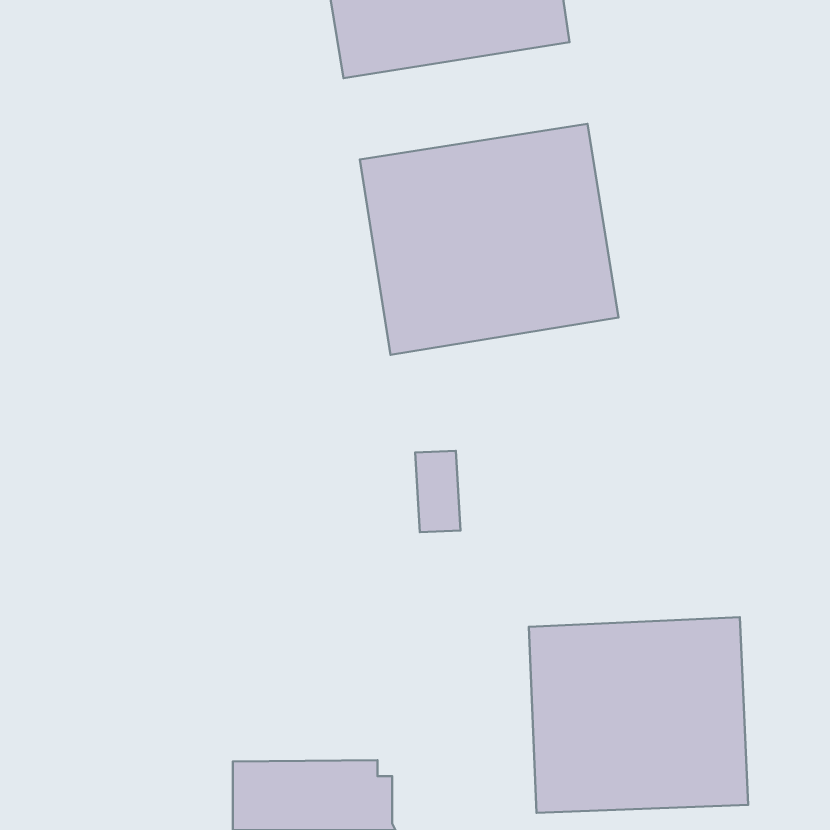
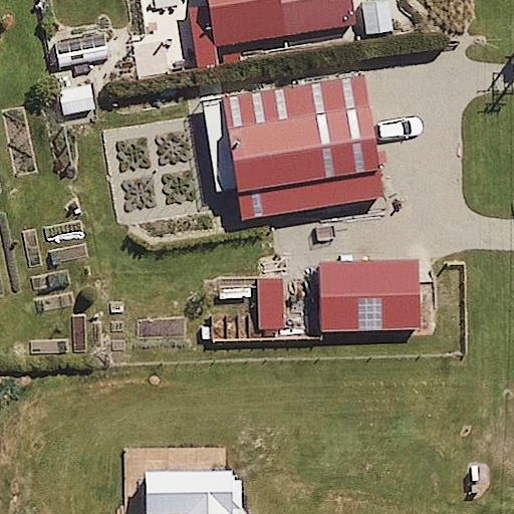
building: none -> [320,260,420,332]
building: [529,617,748,813] -> none

